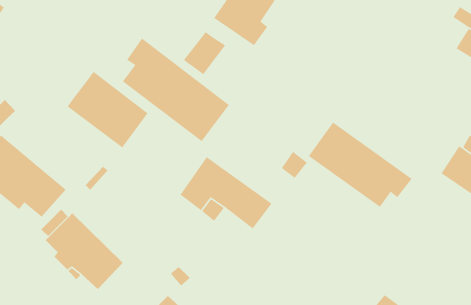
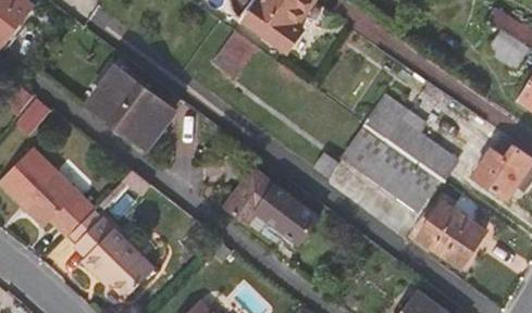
building: [122,38,230,142] -> none
building: none -> [364,98,457,181]
building: none -> [416,199,482,263]

